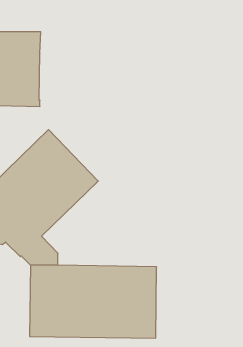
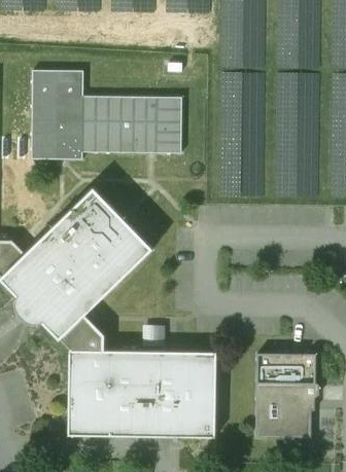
building: none -> [80,96,180,153]
building: none -> [254,353,317,439]

